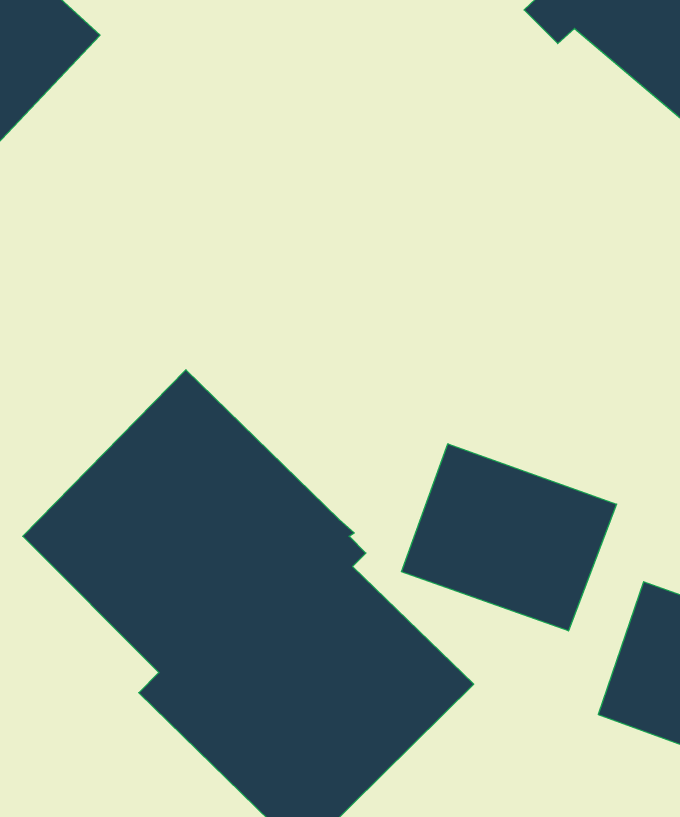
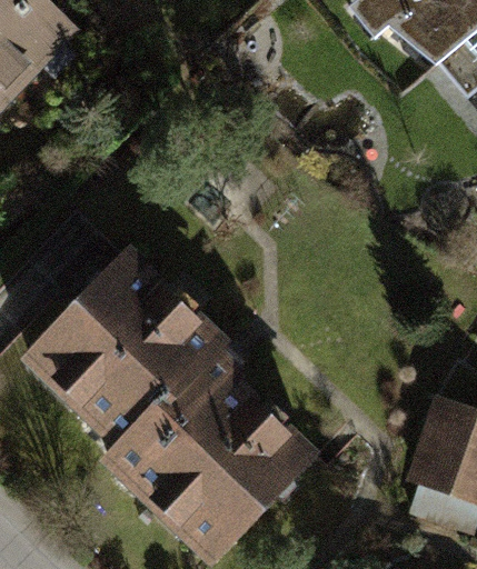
building: [402,444,617,631] -> none

